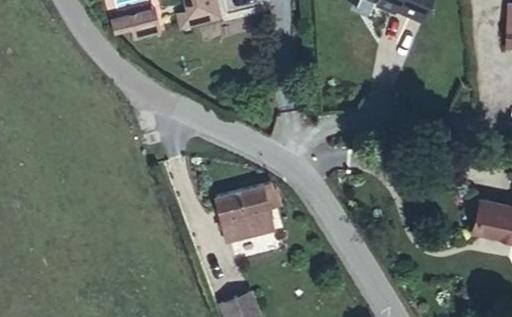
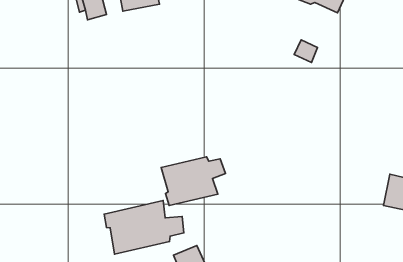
building: none -> [104,201,184,254]

